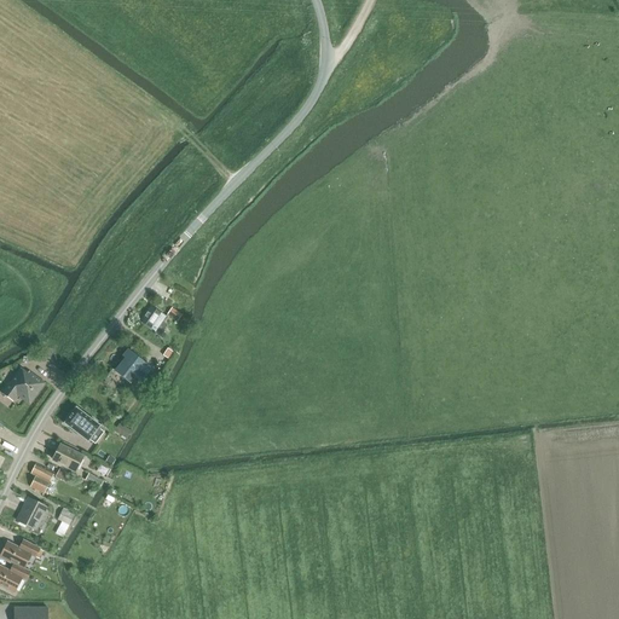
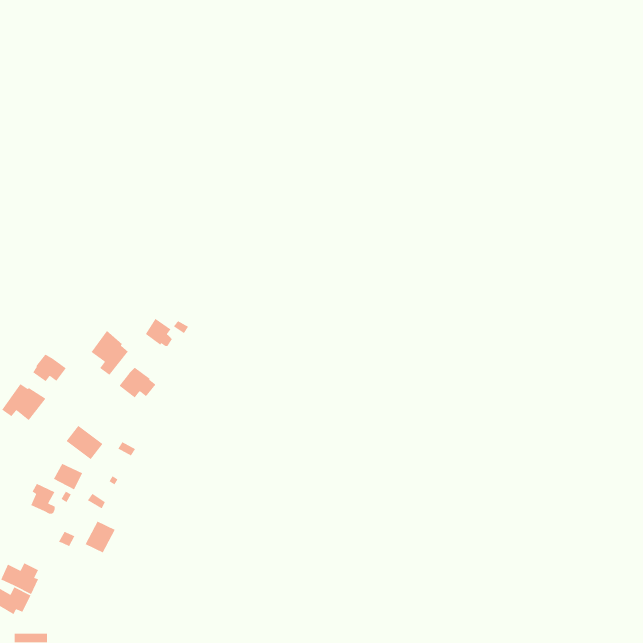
building: none -> [90,330,129,376]
building: none -> [32,353,67,382]
building: [16,497,46,528] -> [84,521,116,553]

